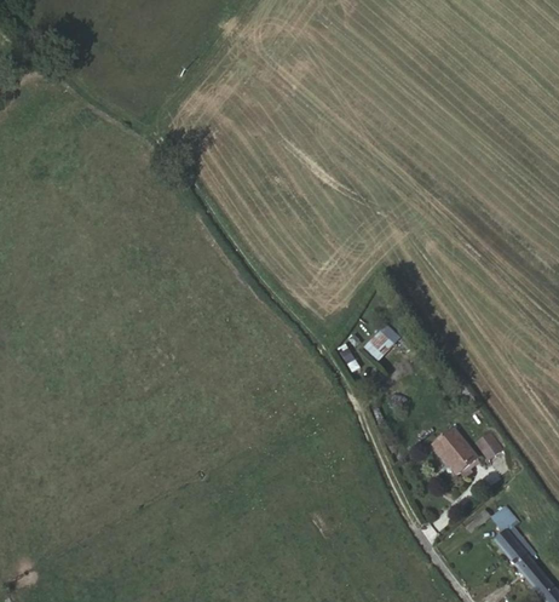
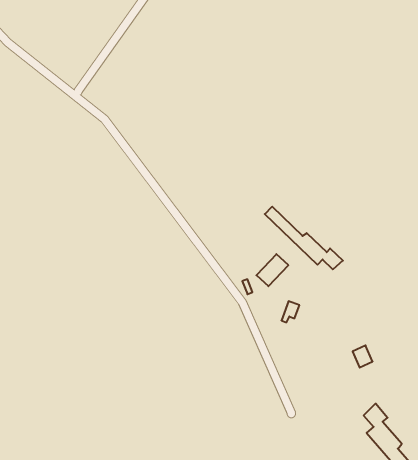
building: none -> [265,207,343,269]
building: [437,431,478,471] -> none

